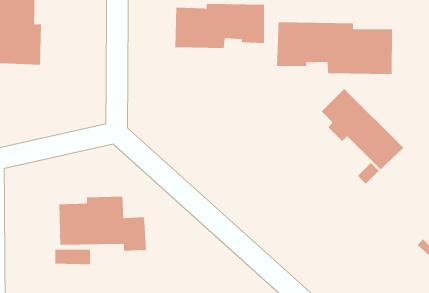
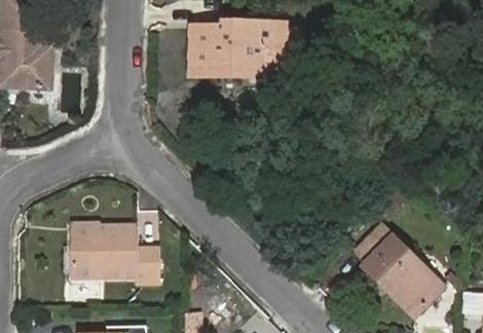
building: [276,22,392,75] -> none
building: [321,88,404,170] -> [356,225,443,311]

